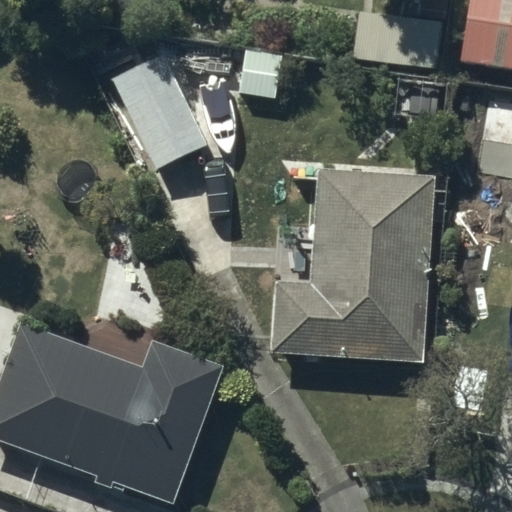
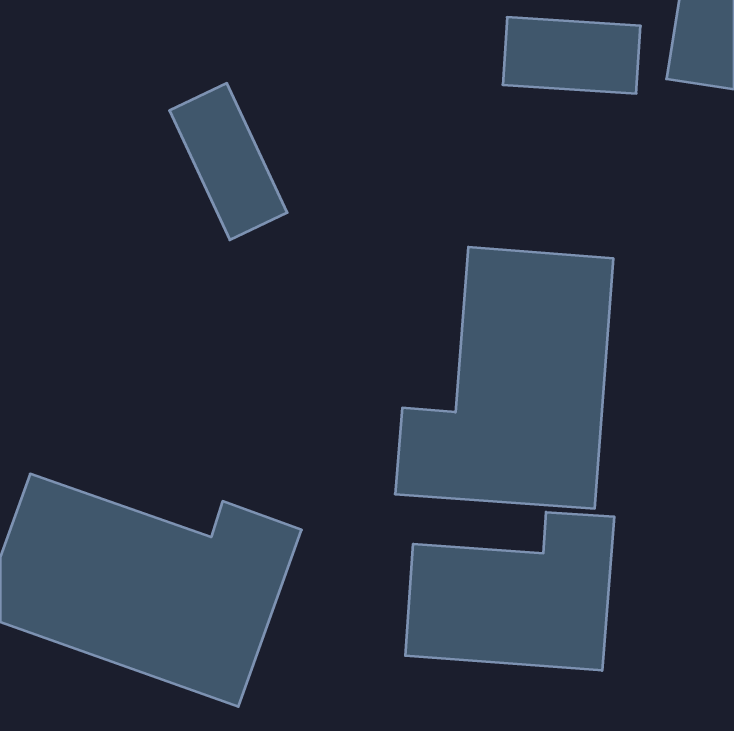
building: none -> [405,512,614,671]

